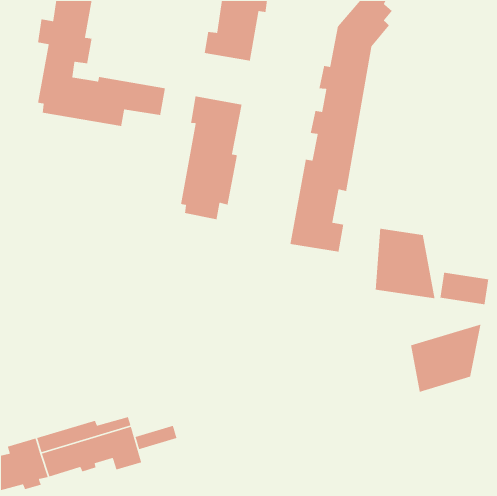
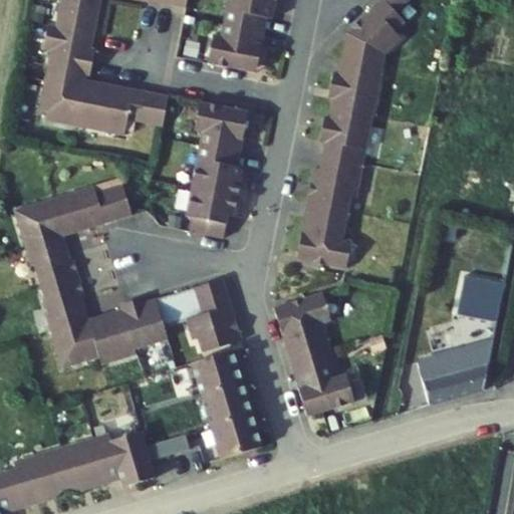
building: none -> [14,185,240,366]
building: [375,228,436,299] -> none
building: none -> [275,295,355,418]
building: none -> [189,355,258,464]

